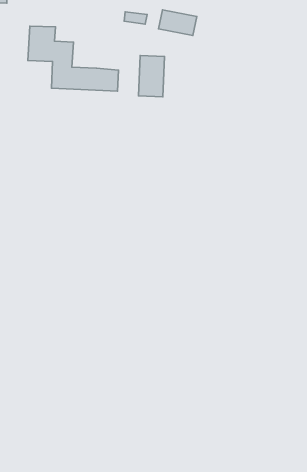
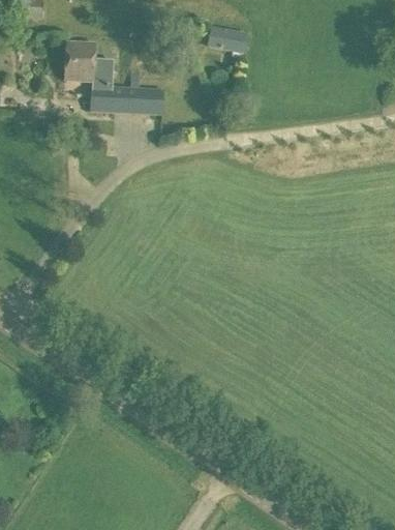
building: [138,55,165,97] -> none

